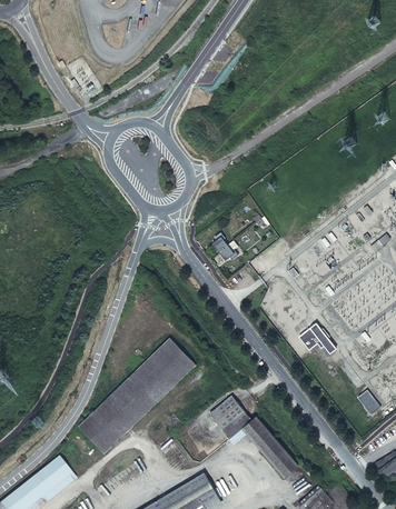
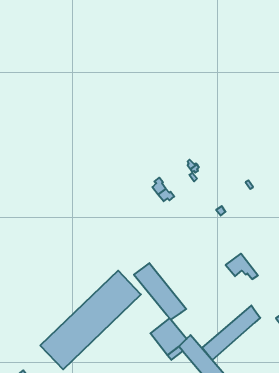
building: none -> [134,263,186,320]
building: none -> [202,305,260,360]

